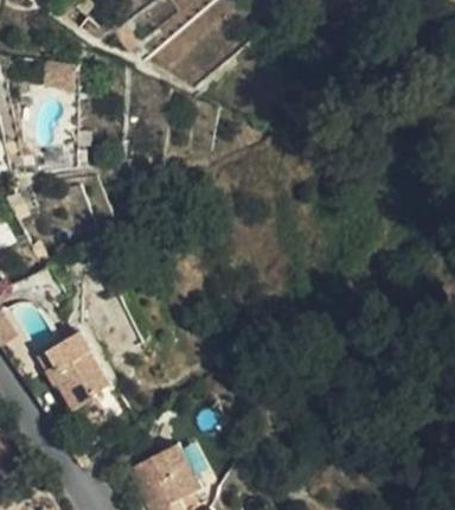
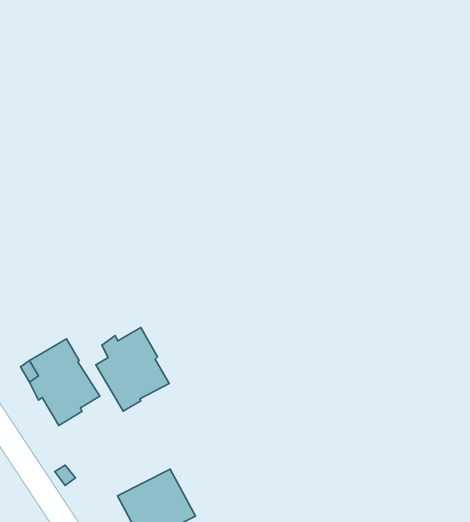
building: none -> [96,327,169,411]

